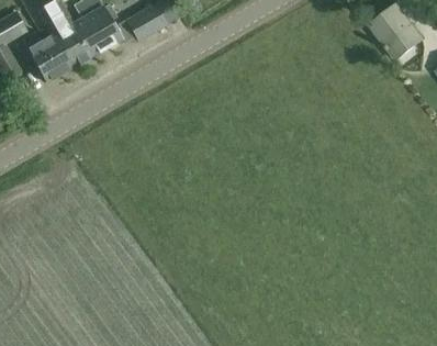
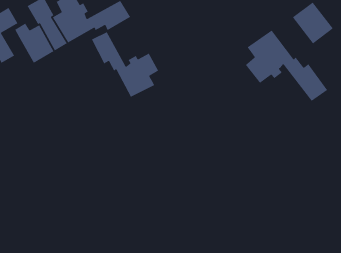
building: none -> [245,29,328,102]
building: none -> [91,31,159,98]

